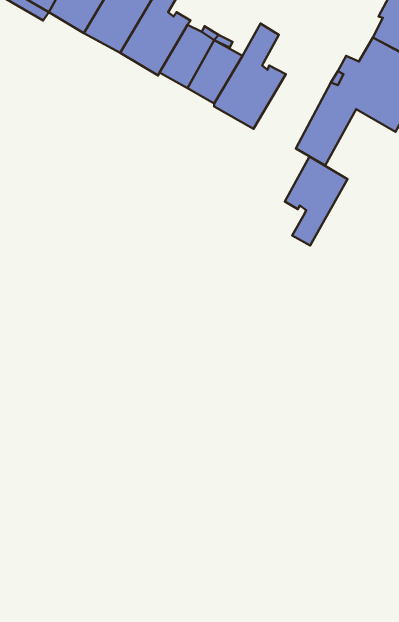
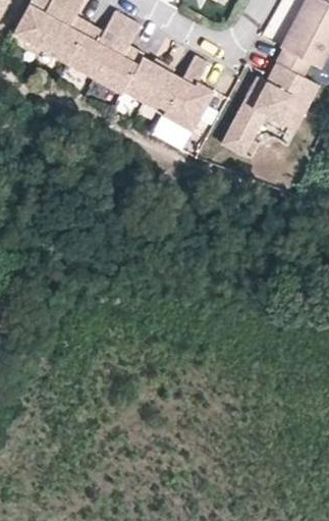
building: [285,157,347,246] -> none

